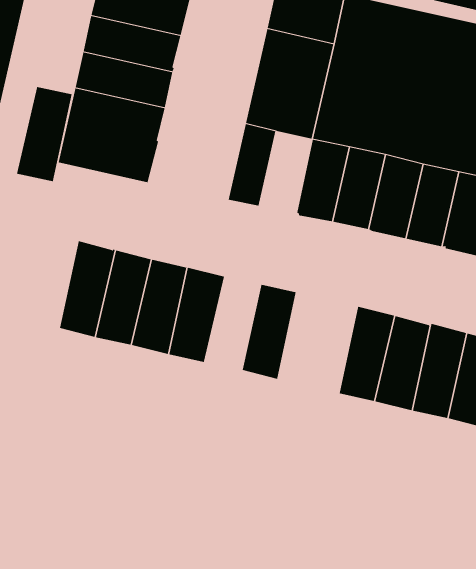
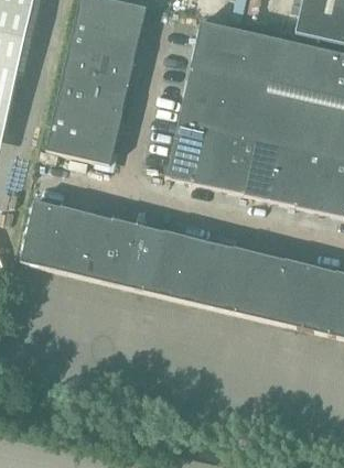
building: [16,86,72,182] -> [21,199,61,266]
building: none -> [189,128,226,185]
building: none -> [150,230,190,296]
building: none -> [202,241,258,313]

